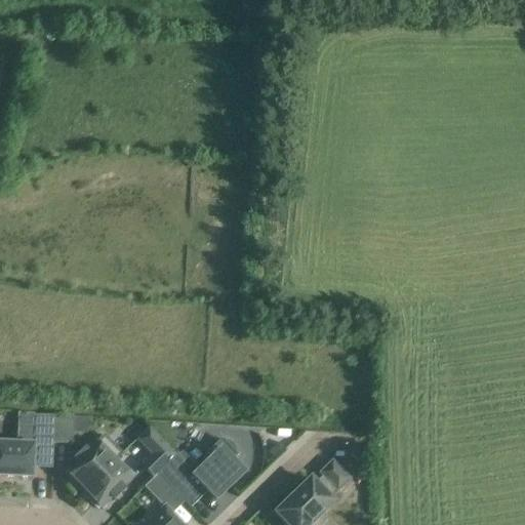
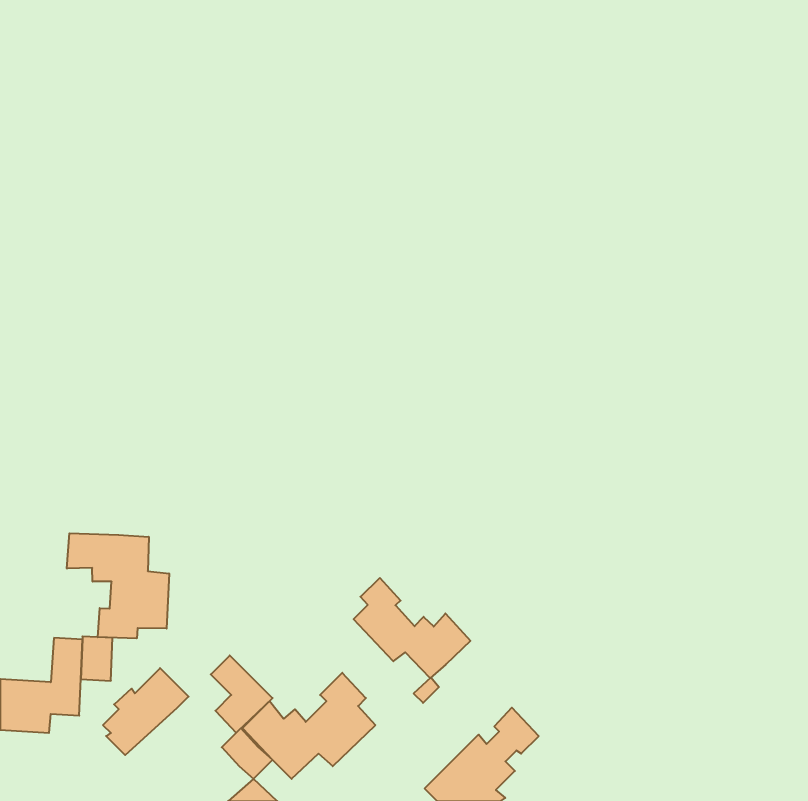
building: none -> [67,533,169,638]
building: none -> [354,578,470,678]
building: [82,458,132,504] -> none

